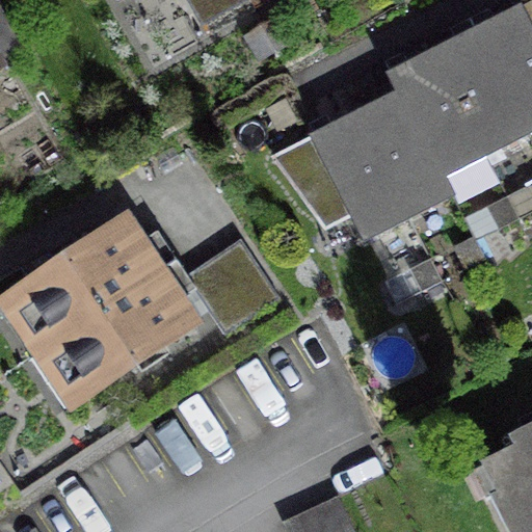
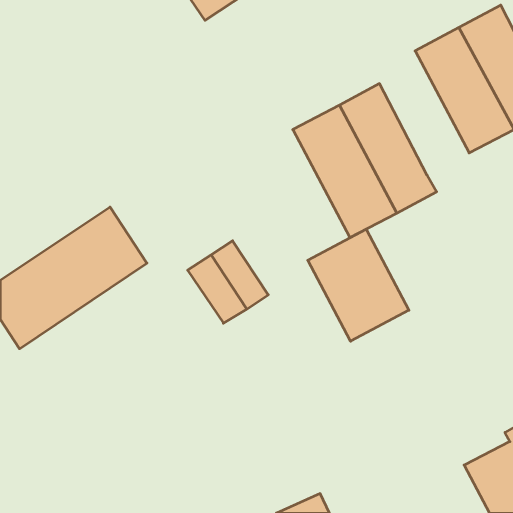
building: [389,52,486,179] -> none
building: none -> [308,229,409,341]
building: [28,268,193,407] -> none

